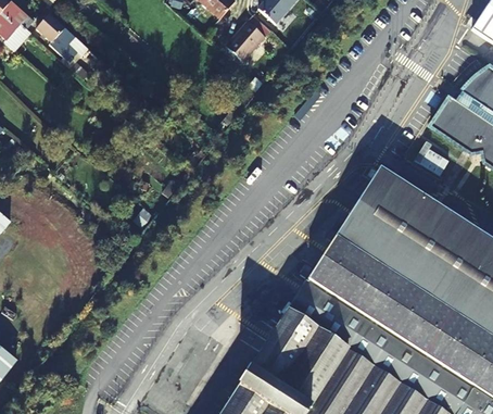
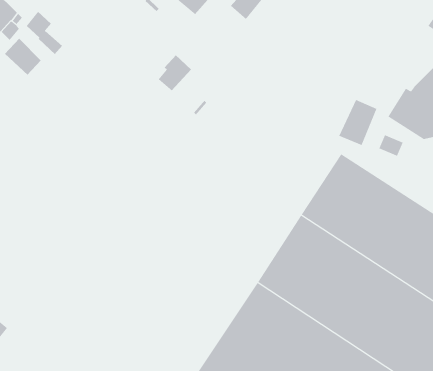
building: [228,20,265,60] -> [158,54,192,91]
building: none -> [4,38,42,75]
building: none -> [339,99,377,146]

